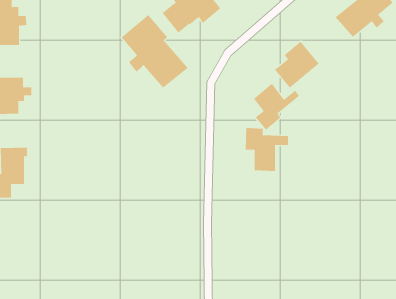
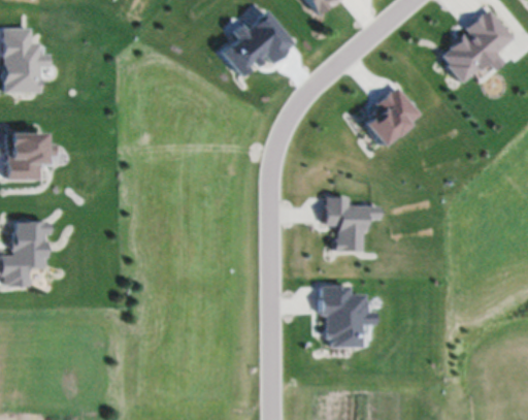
building: [121,14,188,88] -> none
building: [253,83,300,131] -> none
building: none -> [321,286,375,348]

